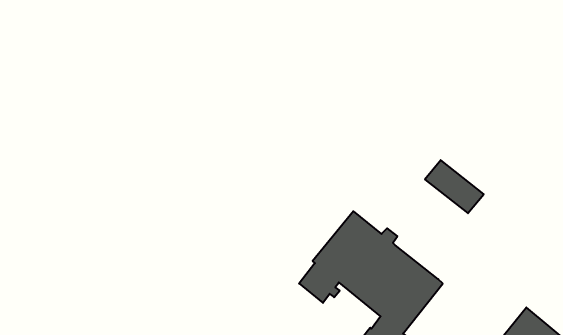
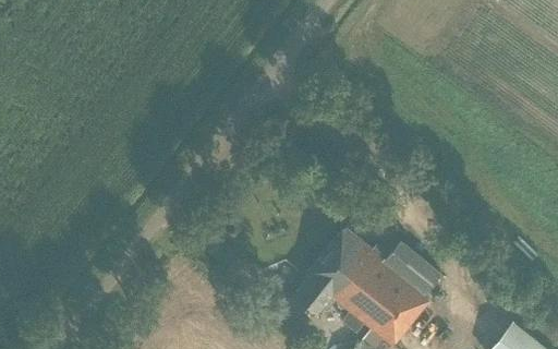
building: [425,160,484,213] -> [386,242,442,293]

